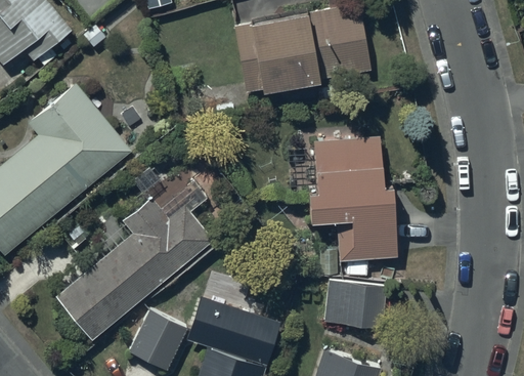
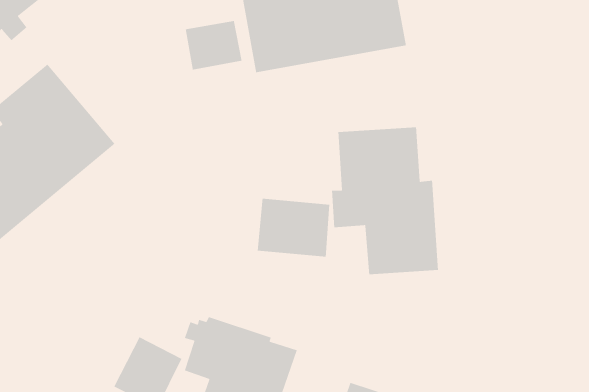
building: none -> [185,20,242,71]
building: [56,171,213,340] -> none
building: [324,280,385,329] -> [257,198,330,257]

